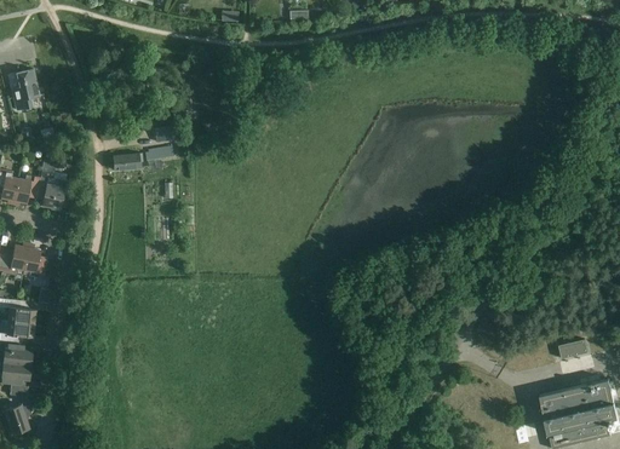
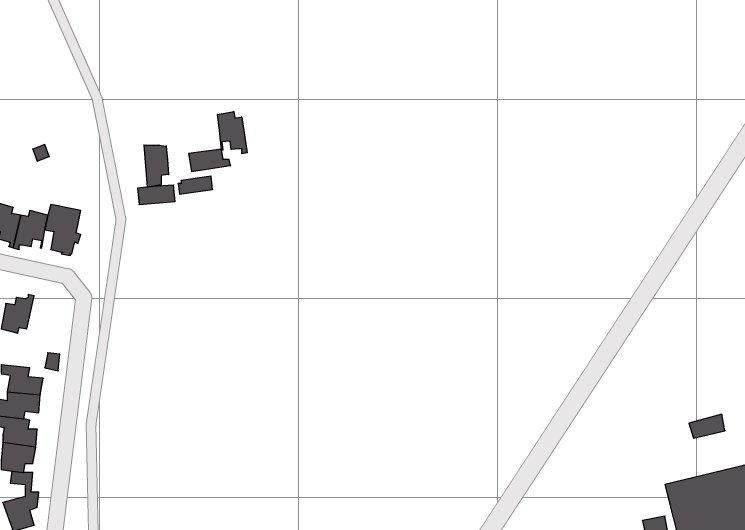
building: [11,69,39,110] -> none
building: none -> [217,111,247,154]
building: none -> [144,145,169,187]
building: [21,243,46,278] -> none

